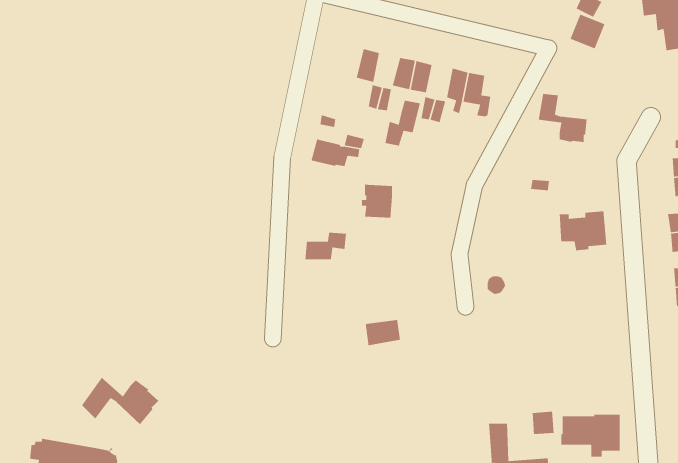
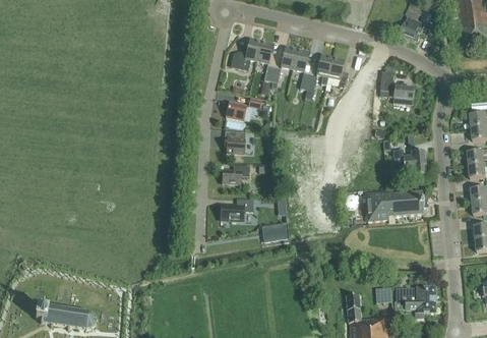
building: [385,100,421,147] -> [237,38,261,69]
building: [361,184,393,219] -> [224,130,245,154]
building: none -> [365,191,426,221]
building: none -> [221,199,253,220]
building: [81,377,159,425] -> none

